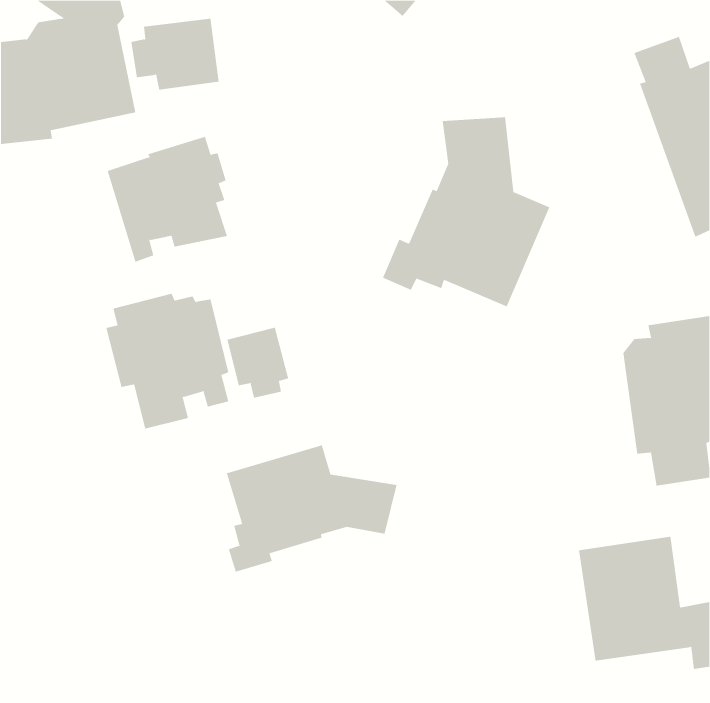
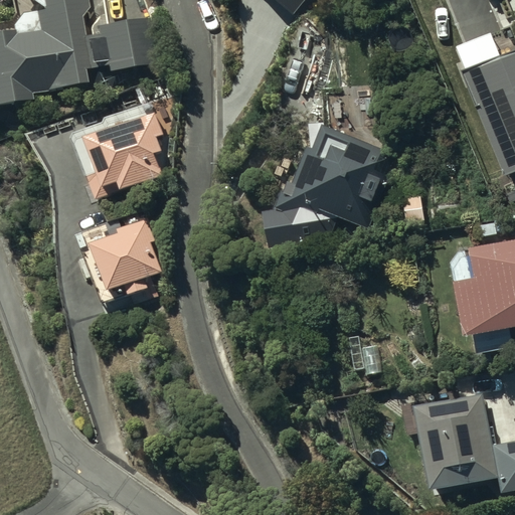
building: [227,327,289,399] -> none
building: [226,445,397,573] -> none

